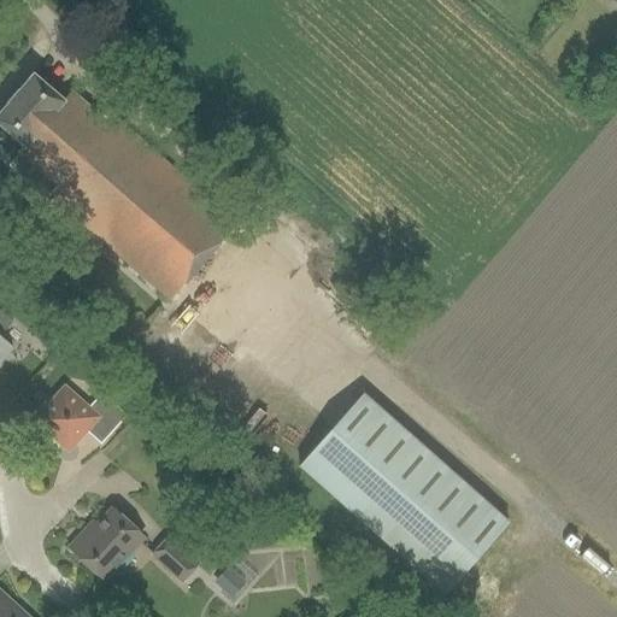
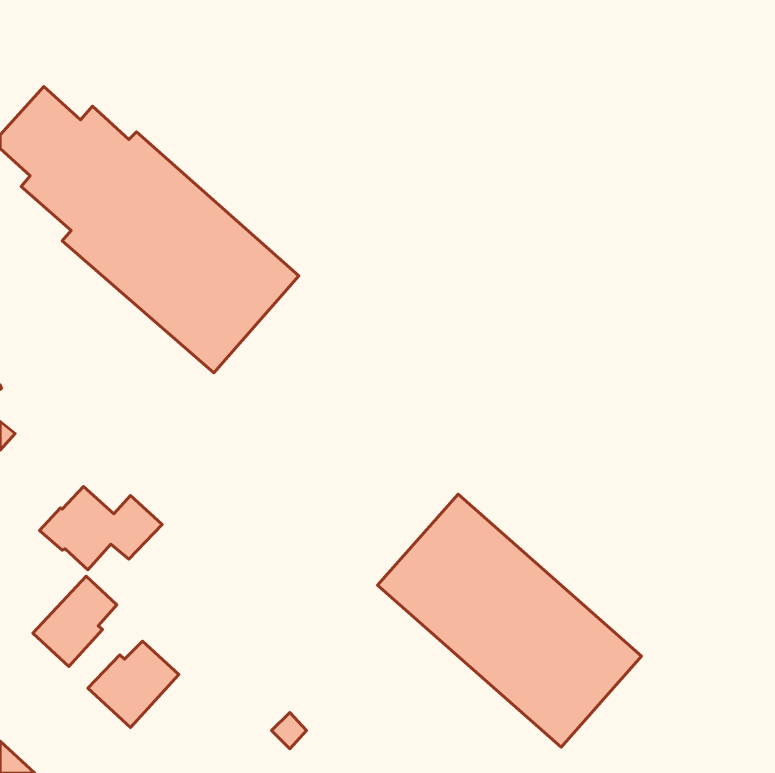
building: none -> [33,576,117,667]
building: [154,539,196,580] -> none

